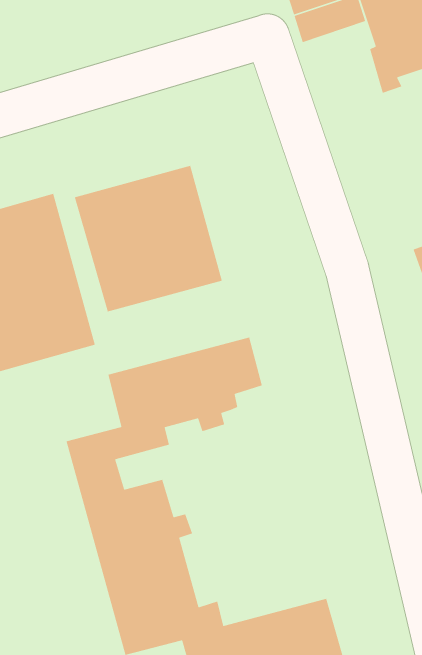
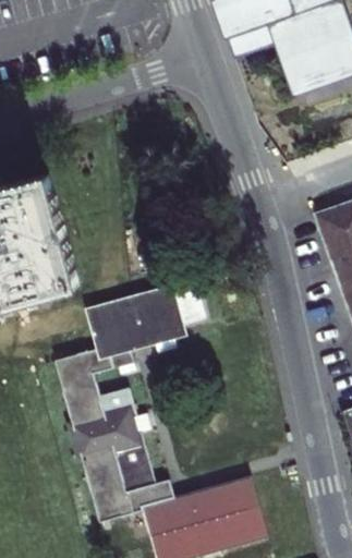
building: [74,165,223,313] -> none

